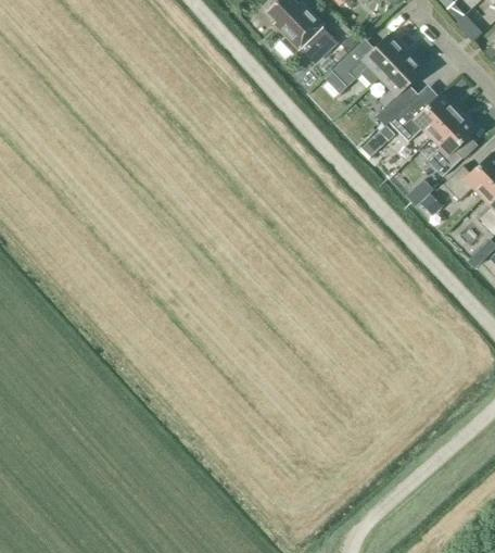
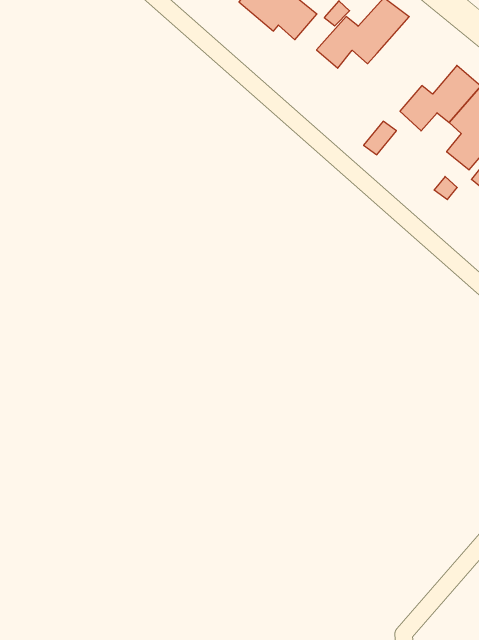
building: [376,50,426,125] -> none

